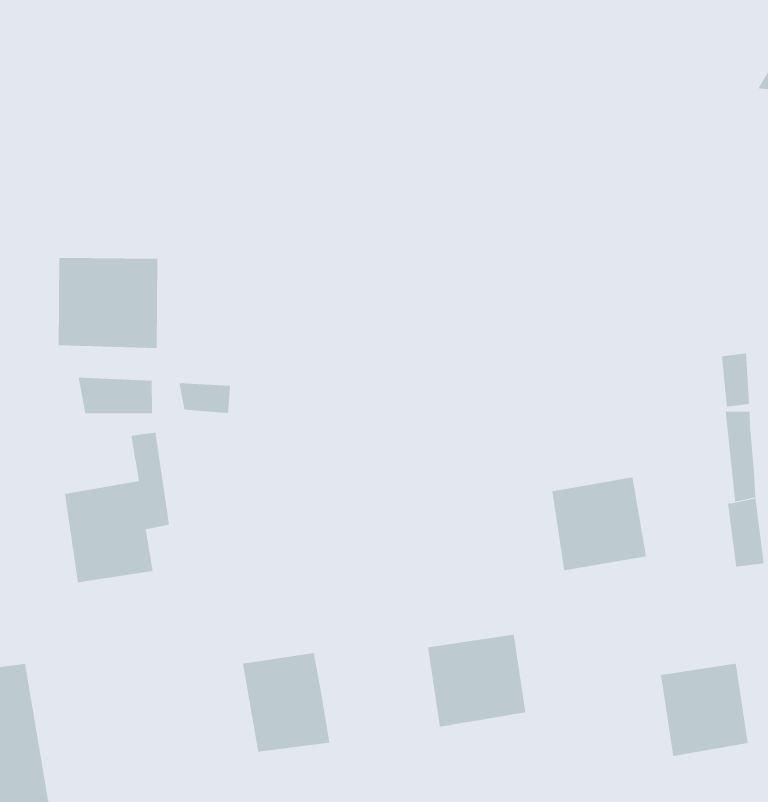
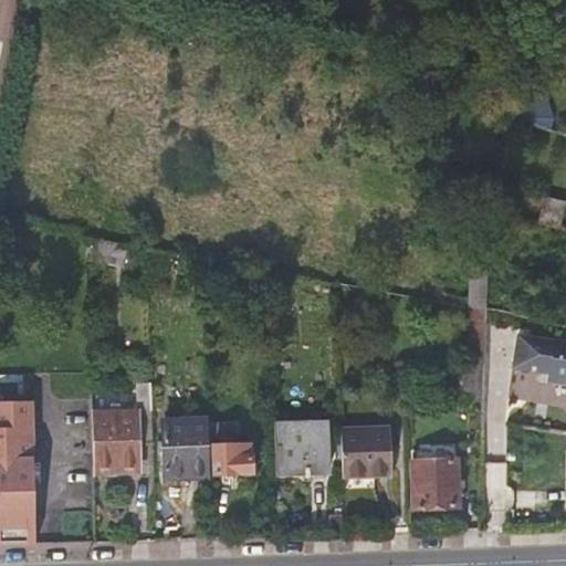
building: [58,257,158,349] -> none
building: [64,432,170,583] -> [91,385,151,469]
building: [552,477,647,571] -> [338,426,390,476]
building: none -> [206,422,252,473]

